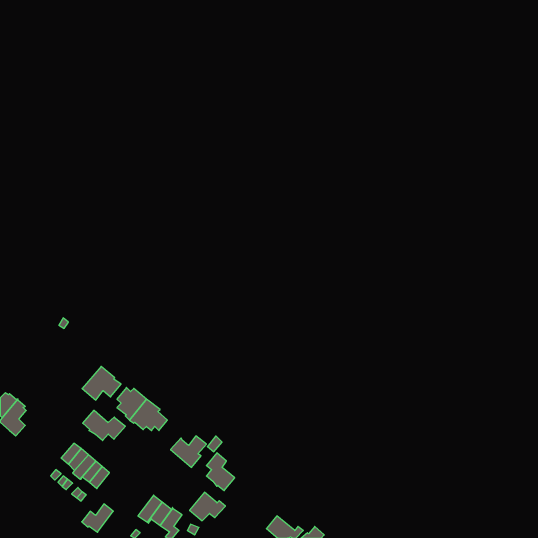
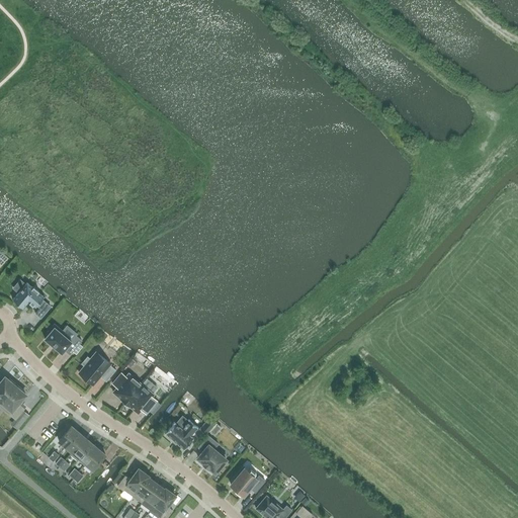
building: none -> [12,282,51,318]
building: none -> [45,324,82,354]
building: [83,410,125,441] -> none
building: [190,492,225,521] -> [231,467,265,495]
building: [82,504,113,532] -> [117,468,148,496]

